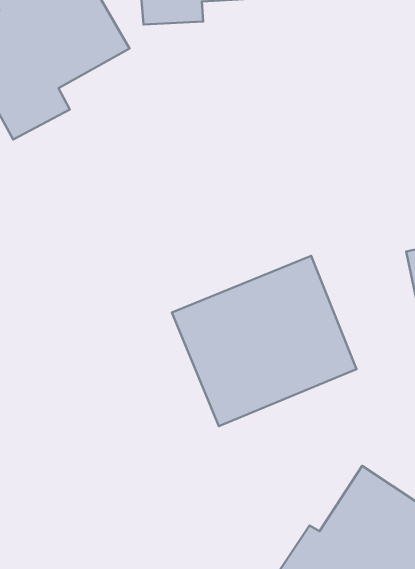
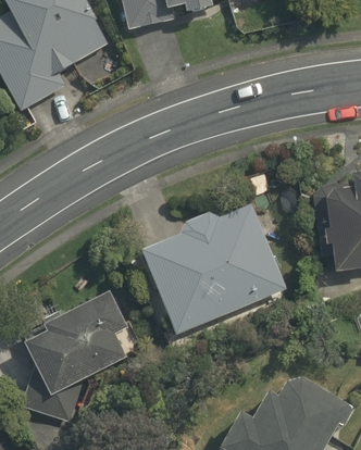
building: none -> [18,285,152,398]

